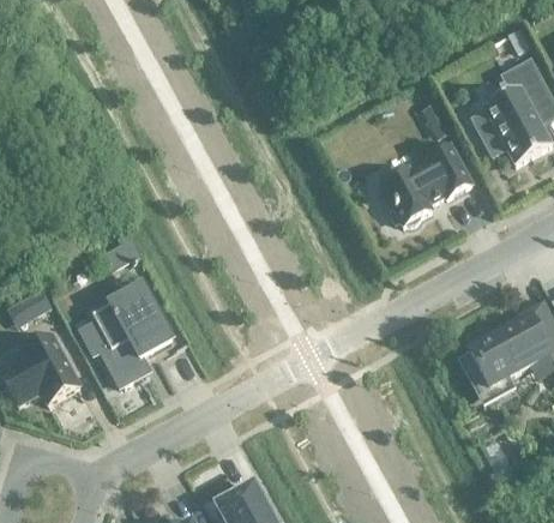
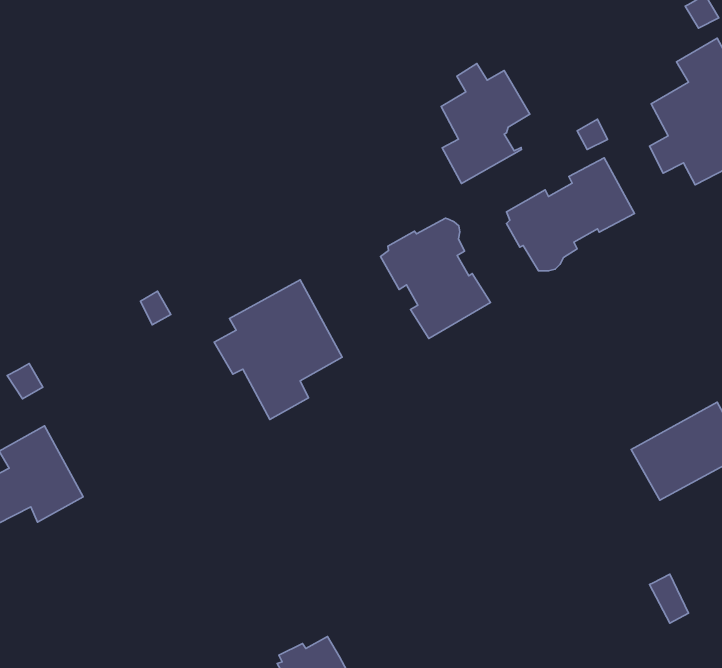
building: none -> [441,64,530,184]
building: none -> [380,218,490,339]
building: [79,283,170,383] -> [214,280,342,420]

